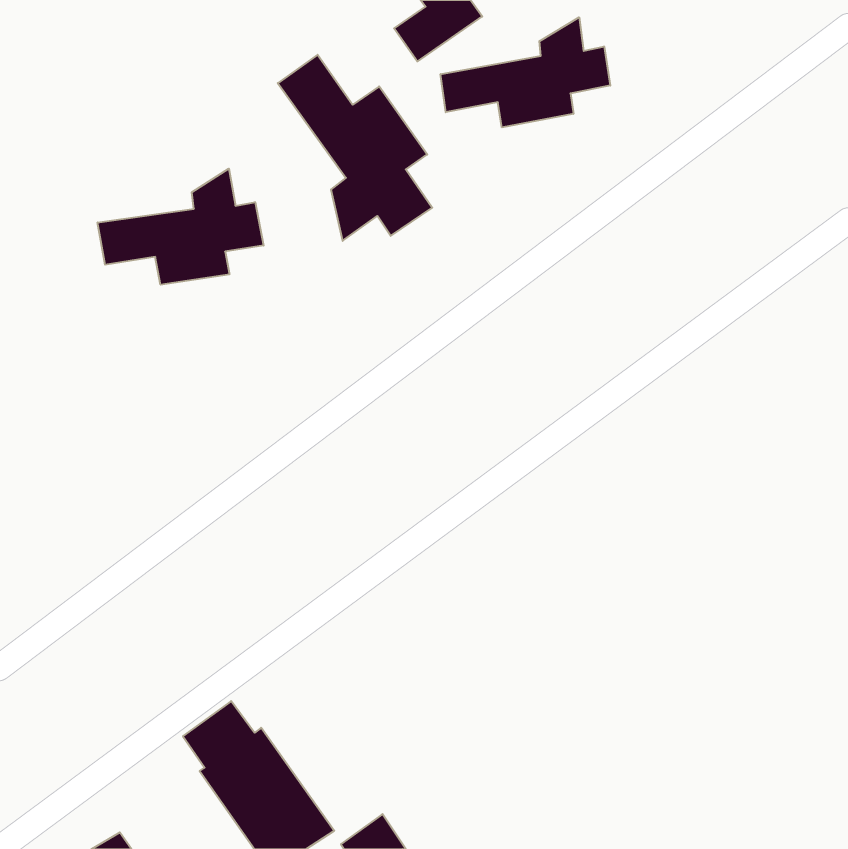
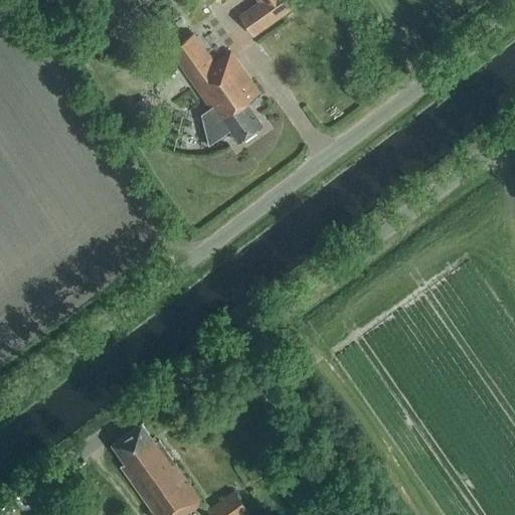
building: [441,17,610,127] -> none
building: [98,169,264,285] -> none

